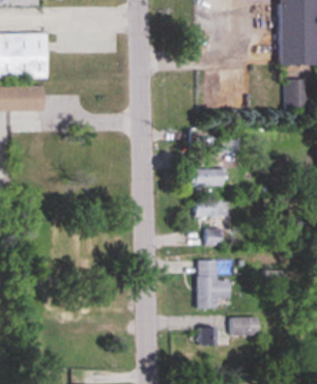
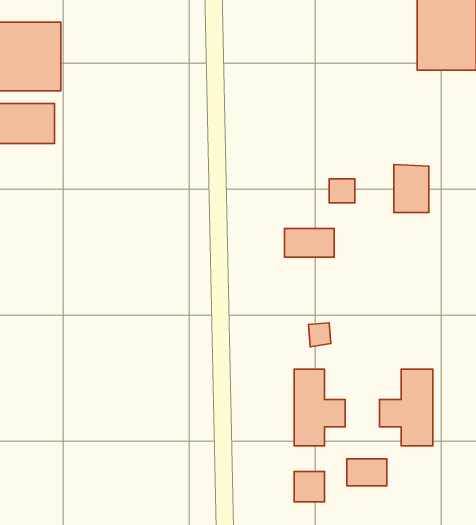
building: [286,80,309,111] -> [394,165,429,213]
building: [193,199,229,217] -> none
building: none -> [380,369,433,446]

